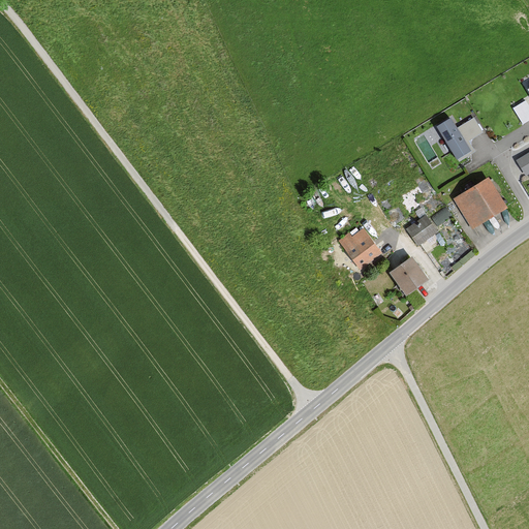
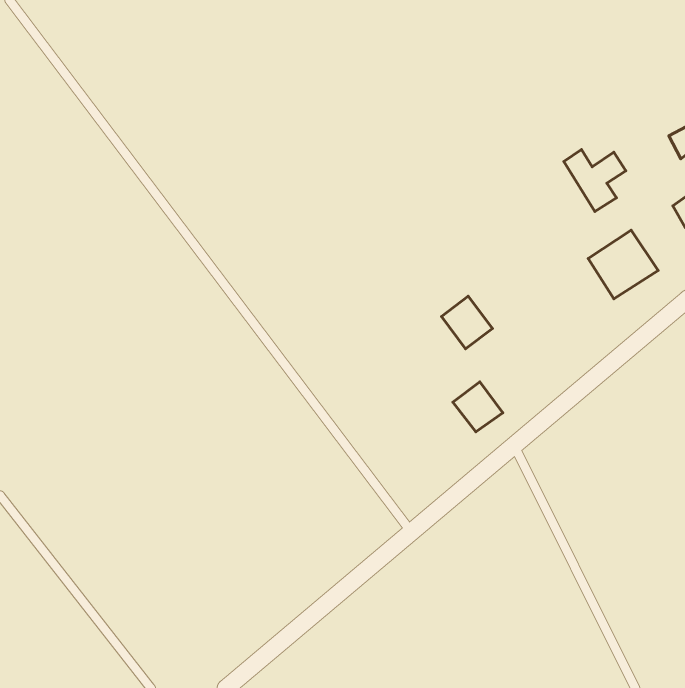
building: [405,215,435,244] -> none
building: [387,254,426,292] -> [453,382,503,432]

